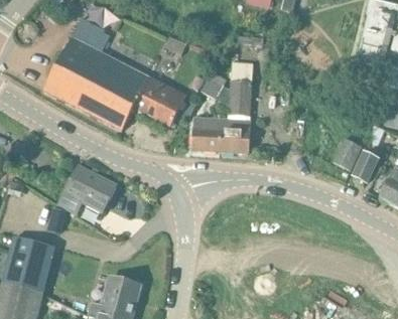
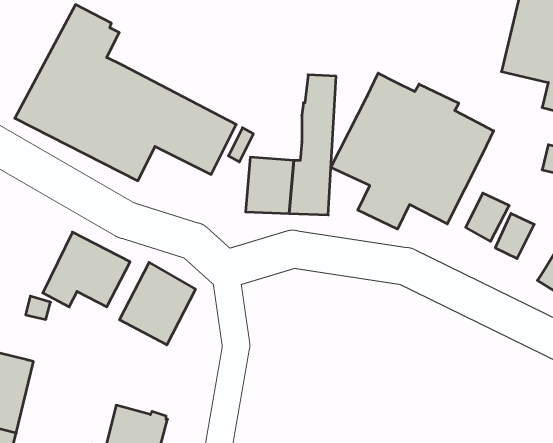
building: none -> [331,73,494,229]
building: [201,71,228,106] -> none
building: none -> [120,262,195,345]

